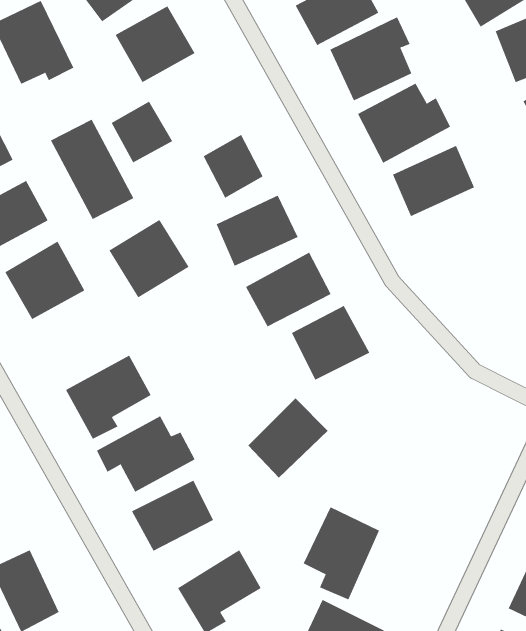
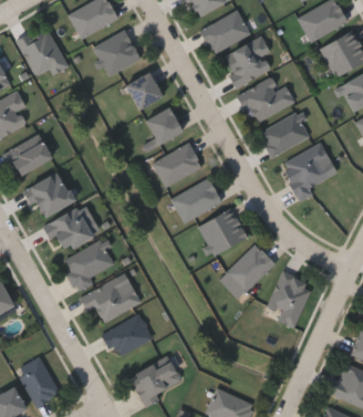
building: [111,101,173,163] -> [125,73,163,111]
building: [50,119,134,220] -> none
building: none -> [281,146,333,201]
building: [109,219,189,298] -> [44,207,93,254]
building: [248,398,328,478] -> [226,244,274,293]
building: [303,506,380,600] -> [267,272,313,329]

